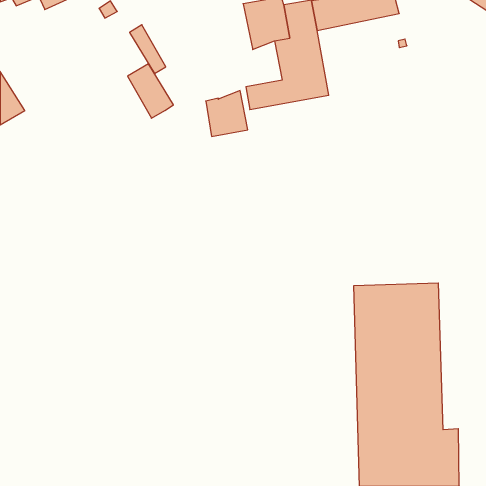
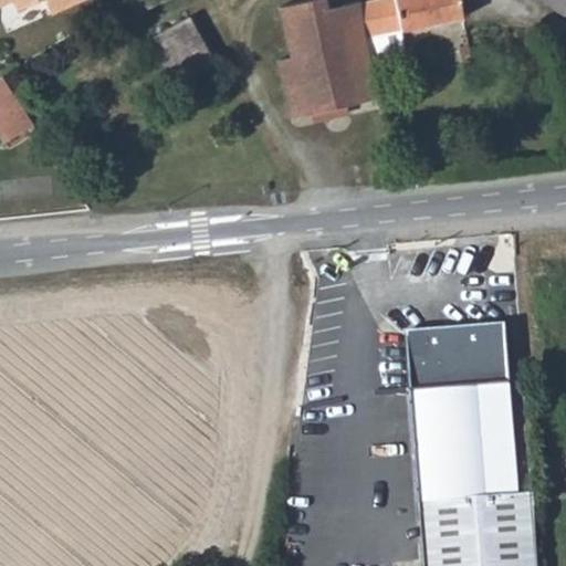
building: [128,64,173,118] -> [166,14,219,77]
building: [206,91,248,136] -> [280,48,328,101]

